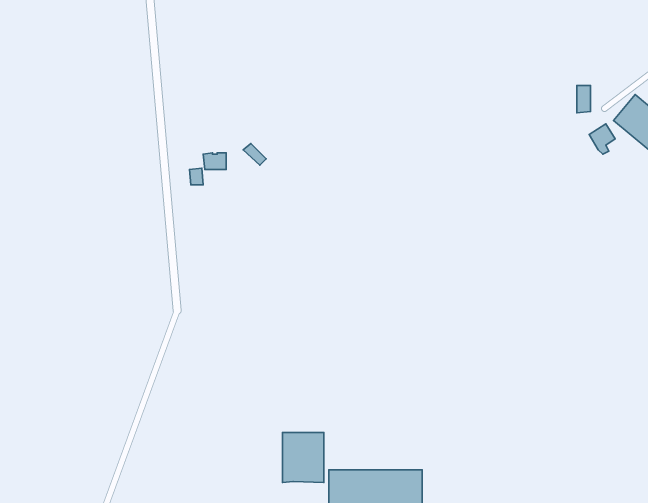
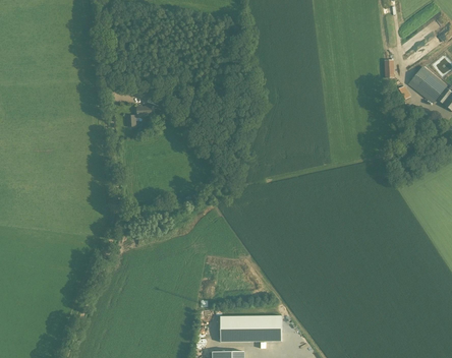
building: [282,433,324,483] -> none

